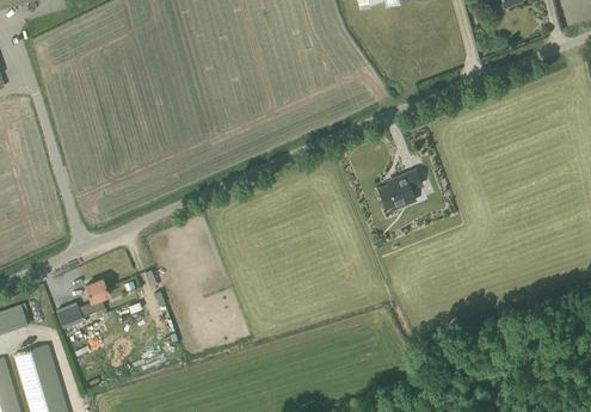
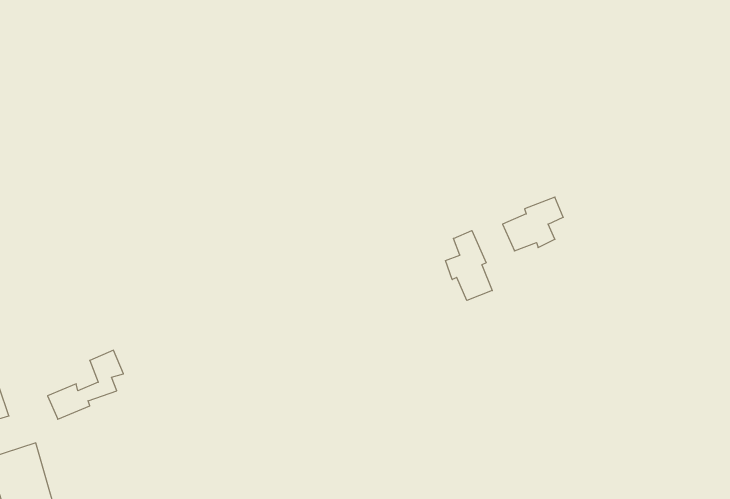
building: none -> [446,231,492,300]

